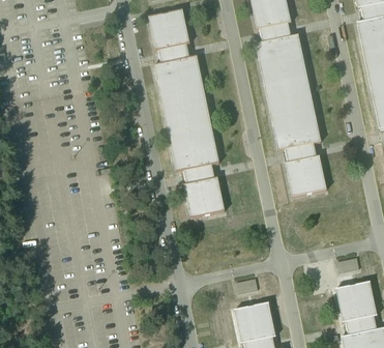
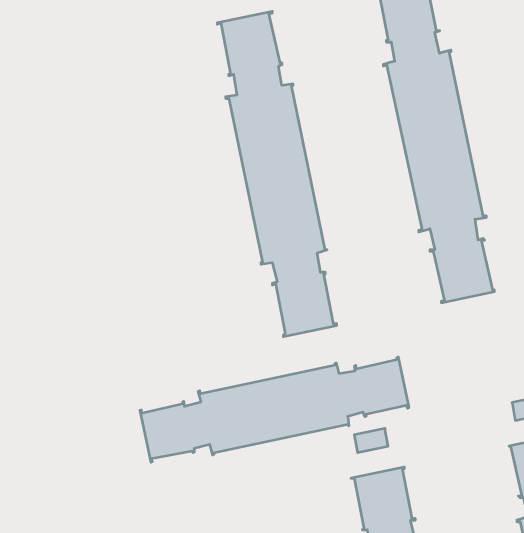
building: none -> [140,357,409,462]

